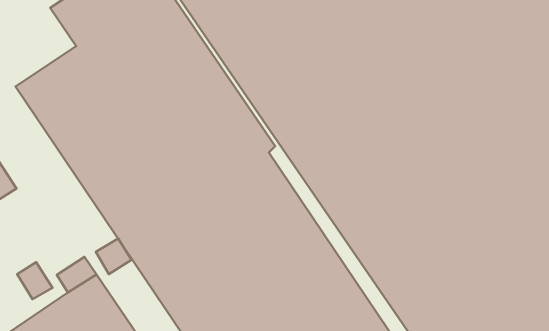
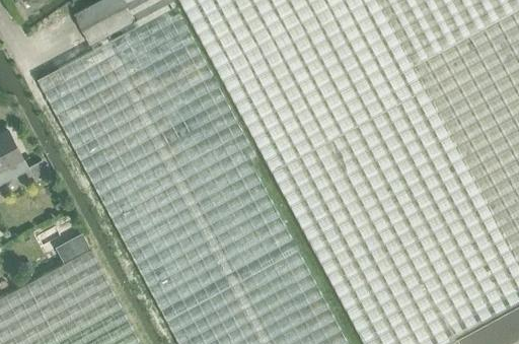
building: [96,239,132,274] -> none
building: [17,262,52,299] -> none

